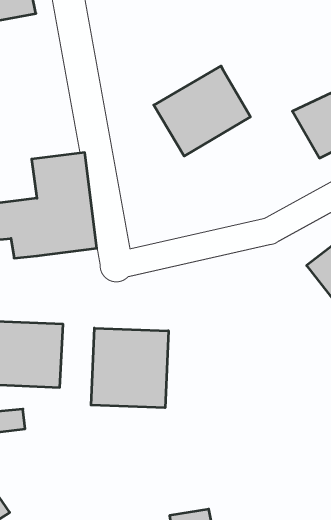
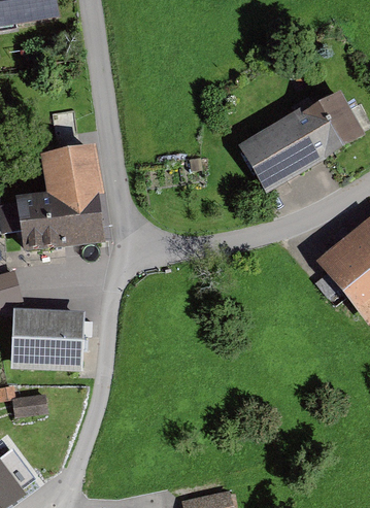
building: [154,66,250,156] -> [235,107,327,193]
building: [91,328,168,408] -> none

